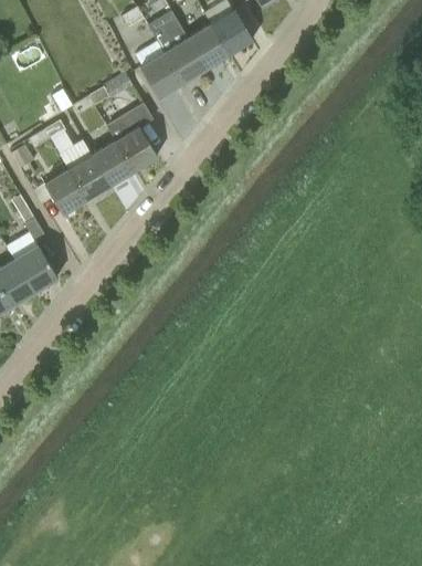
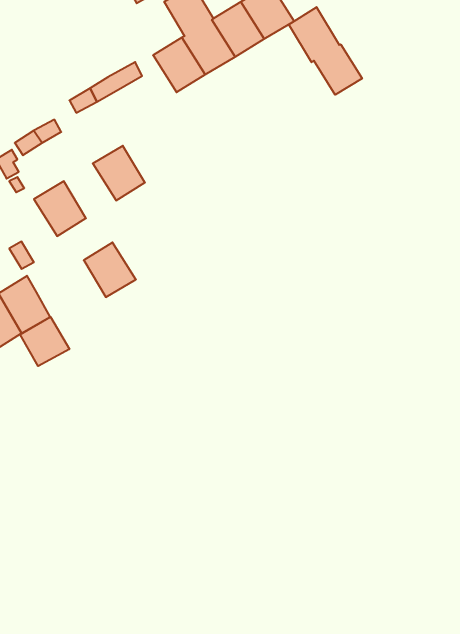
building: none -> [289,7,362,95]
building: [107,109,157,171] -> none
building: [67,156,109,200] -> [84,242,136,297]
building: none -> [20,317,69,366]

